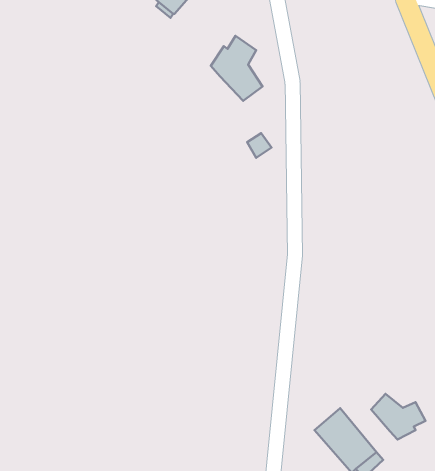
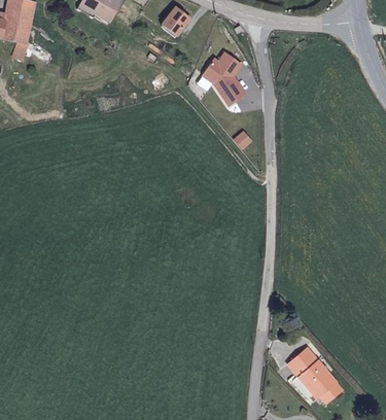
building: [371,394,426,440] -> none

